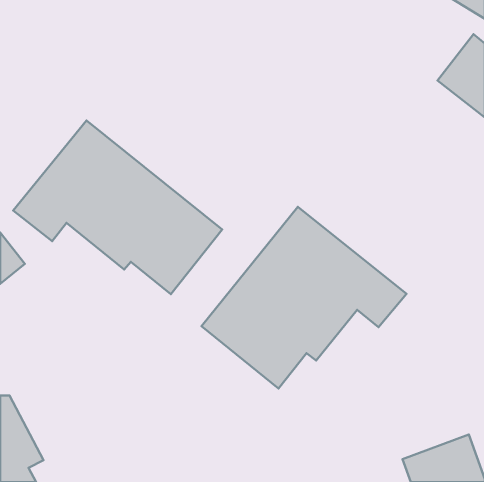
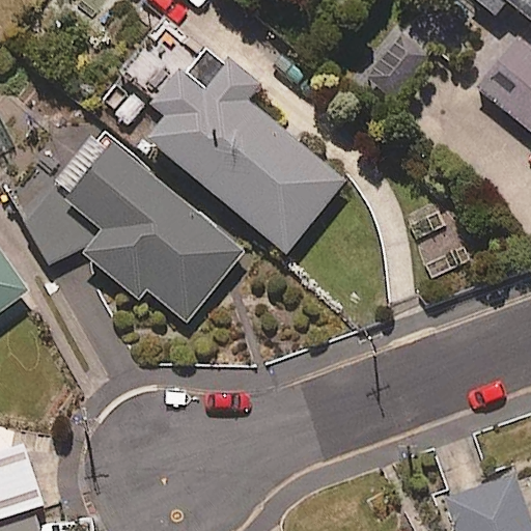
building: none -> [132,58,345,253]
building: [202,207,406,389] -> none

